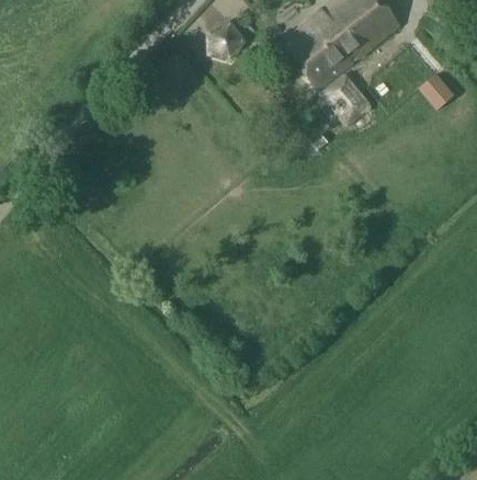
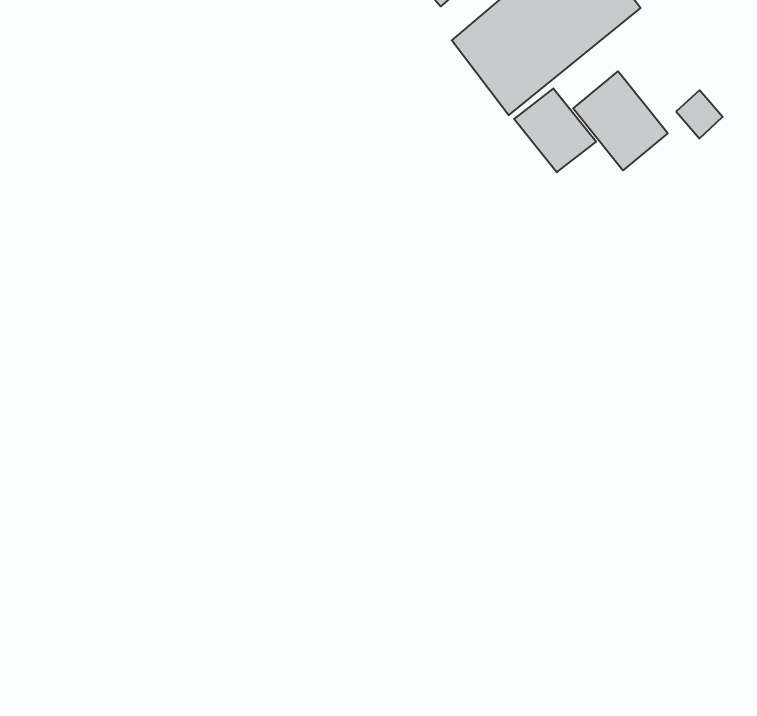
building: [212,24,245,58] -> none
building: none -> [573,71,668,170]

